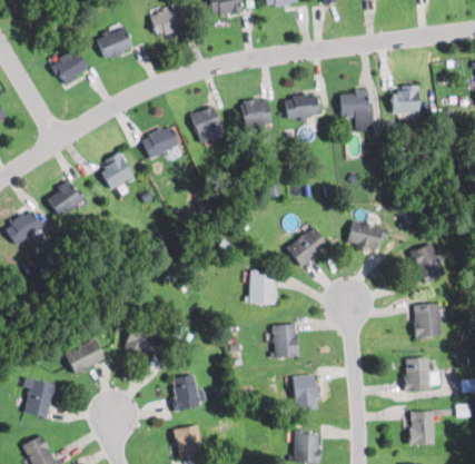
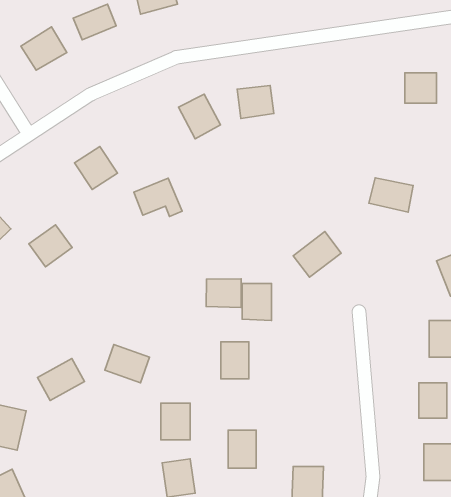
building: [337,90,369,131] -> none
building: [287,93,323,118] -> none
building: [144,126,186,159] -> [134,178,182,216]
building: [48,180,86,217] -> [29,225,72,267]
building: [343,221,382,251] -> [369,178,413,212]
building: none -> [206,279,241,307]
building: [269,325,294,357] -> [221,342,249,379]
building: [288,376,313,409] -> [228,430,256,468]

